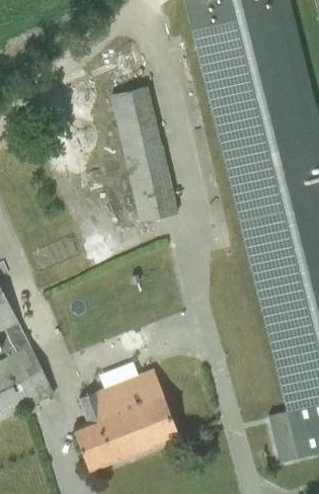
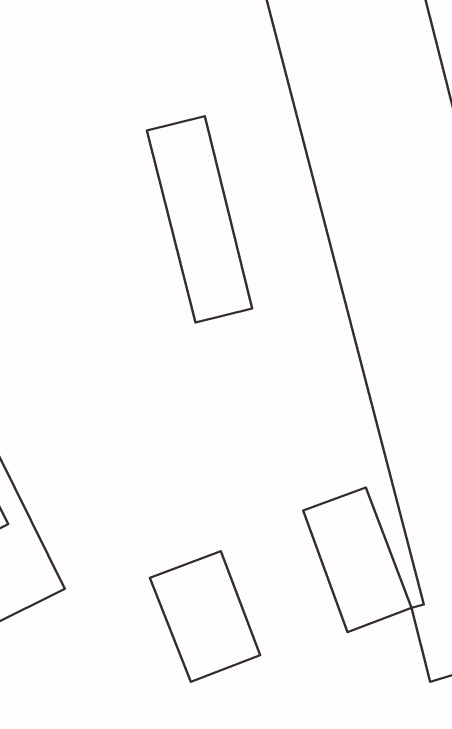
building: none -> [303,487,411,632]
building: [75,385,137,469] -> none

